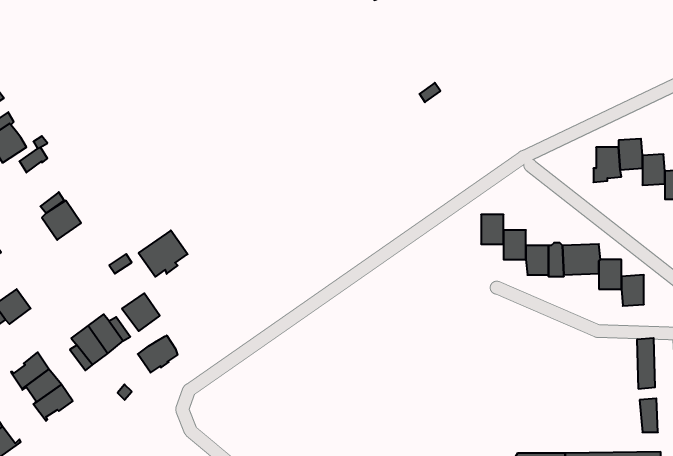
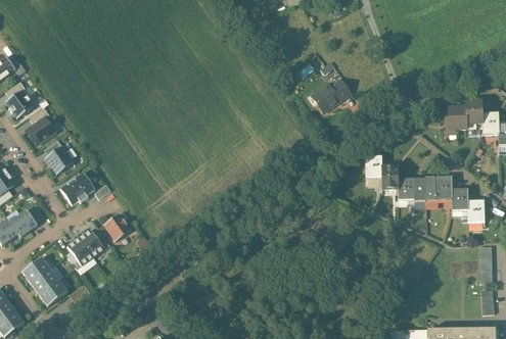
building: none -> [315,80,350,112]
building: none -> [26,117,55,145]
building: [139,230,188,277] -> [59,172,95,205]
building: [138,335,177,373] -> none

